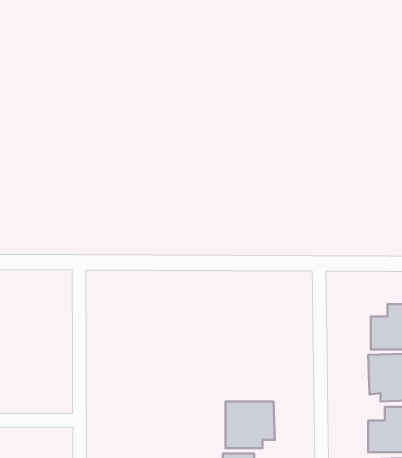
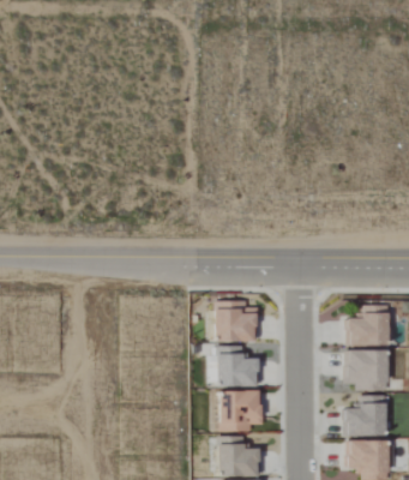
building: none -> [213,301,258,341]
building: none -> [216,354,260,388]

